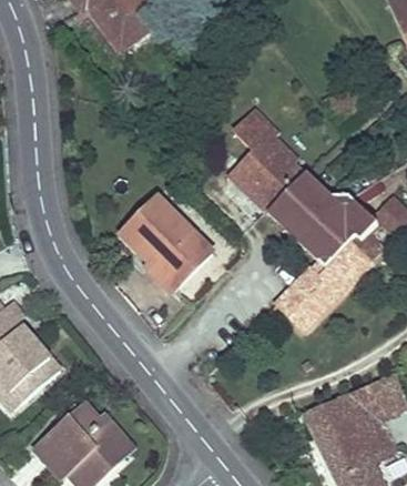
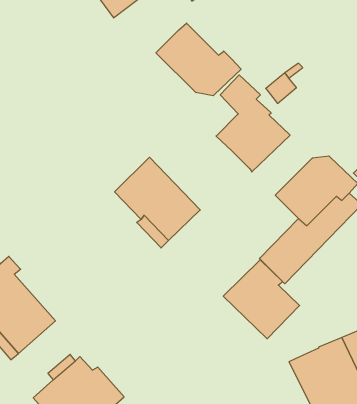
building: none -> [156,23,241,96]
building: [266,173,329,236] -> none
building: none -> [223,260,300,339]

